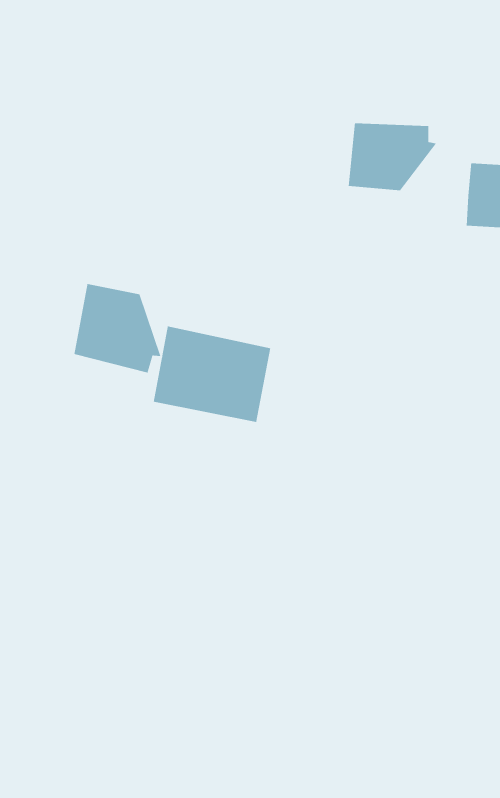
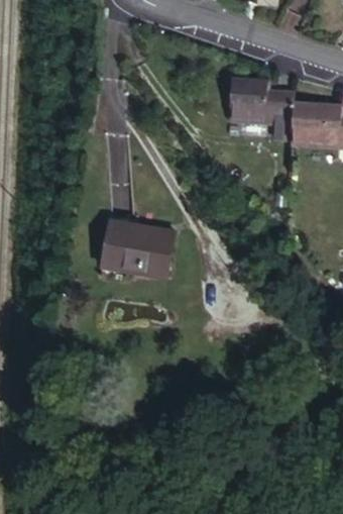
building: none -> [258,97,303,130]
building: [73,283,161,373] -> none

